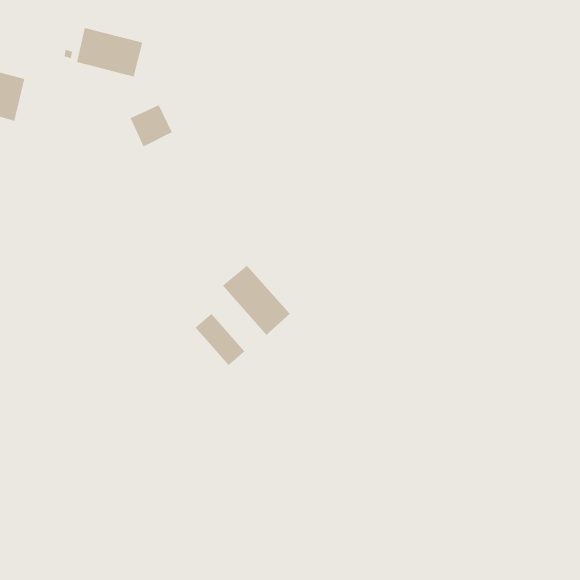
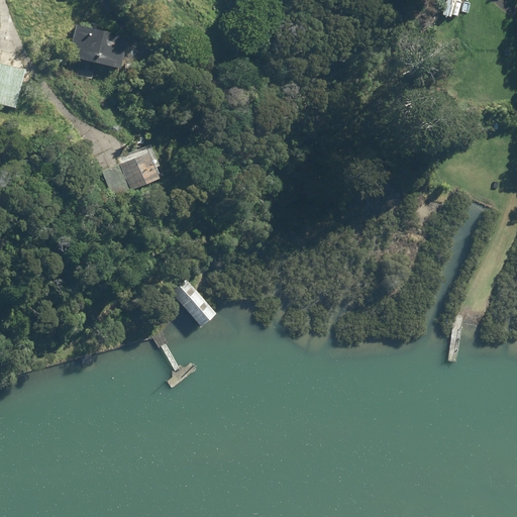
building: [130,104,173,147] -> [119,152,158,191]
building: [222,265,291,336] -> none

